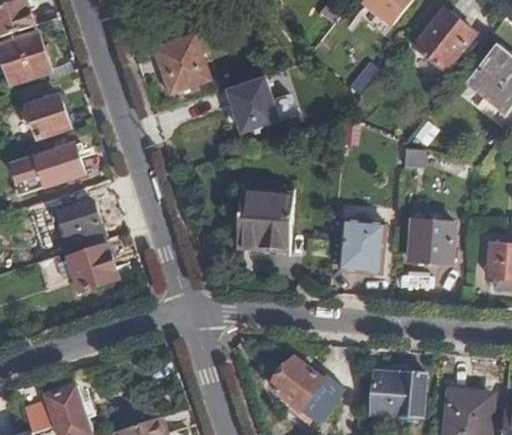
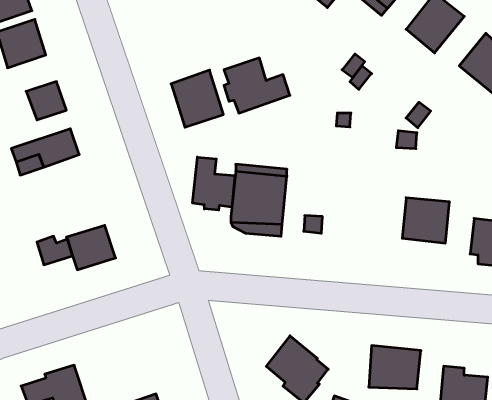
building: [154,35,207,93] -> [171,70,223,127]
building: none -> [193,157,235,210]
building: [60,203,104,249] -> none
building: [342,216,389,269] -> none

